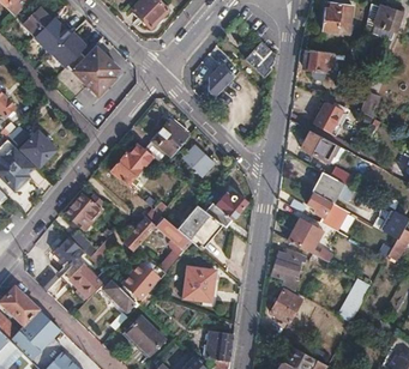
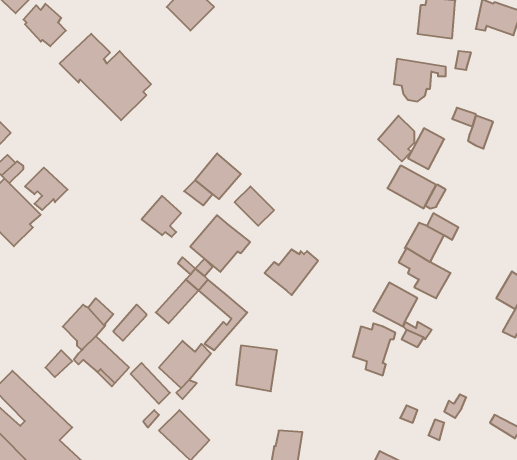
building: [246,42,273,77] -> [378,116,414,161]
building: [206,62,235,99] -> none
building: [65,193,108,229] -> none
building: [176,205,222,248] -> [190,215,250,272]
building: [270,290,300,323] -> none

